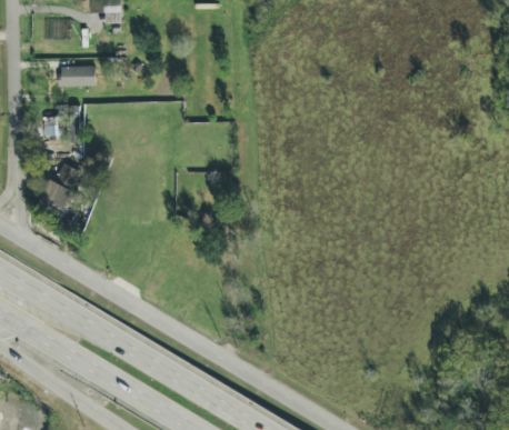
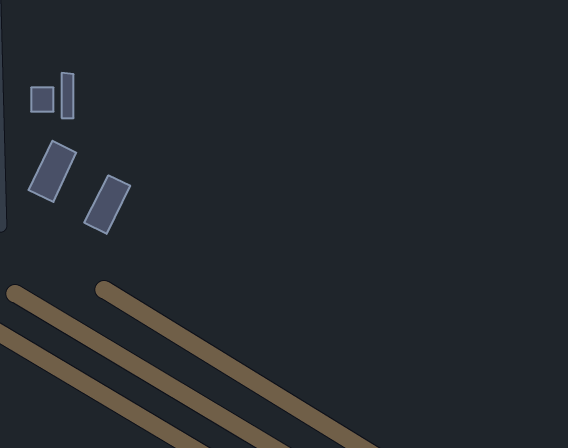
building: [59,66,96,86] -> none
building: none -> [84,175,130,234]

